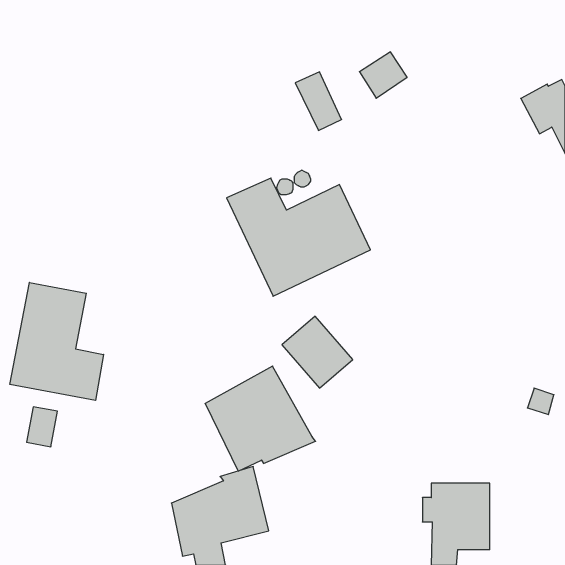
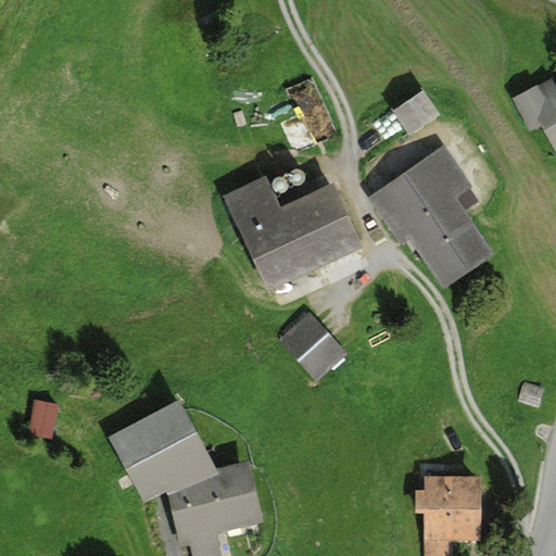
building: [359,52,407,98] -> [393,89,440,135]
building: none -> [368,144,494,288]
building: [10,282,104,400] -> none
building: [205,366,316,471] -> [111,399,219,502]

